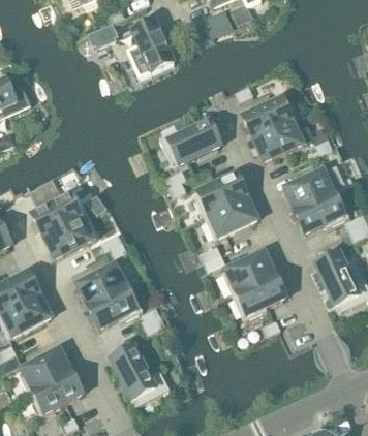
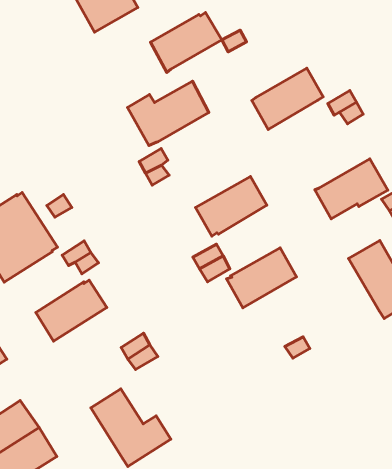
building: [243,96,297,138] -> [150,13,222,72]
building: [284,167,338,210] -> none
building: [193,173,247,215] -> none
building: [233,274,285,318] -> none
building: [88,284,143,328] -> none

